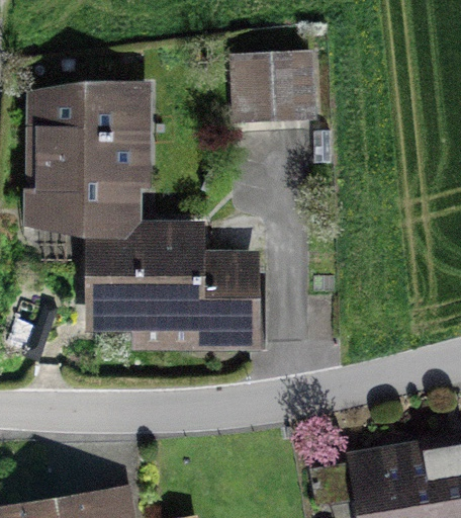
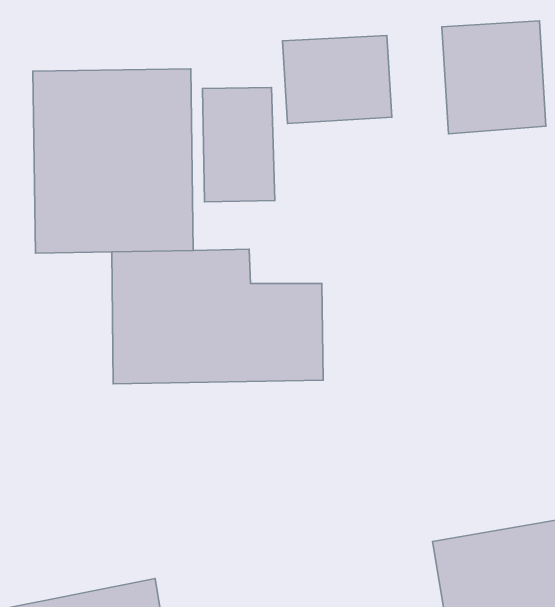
building: none -> [442,21,546,134]
building: none -> [202,87,275,202]

